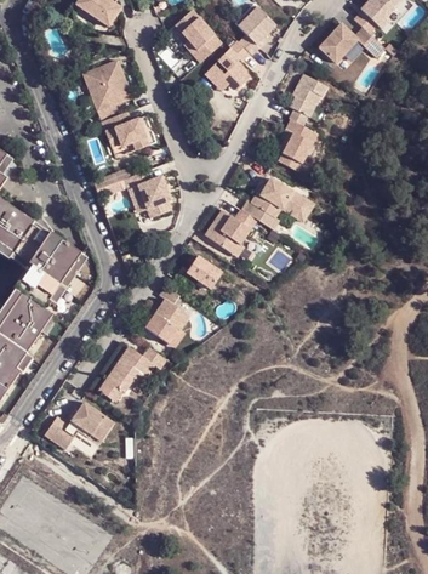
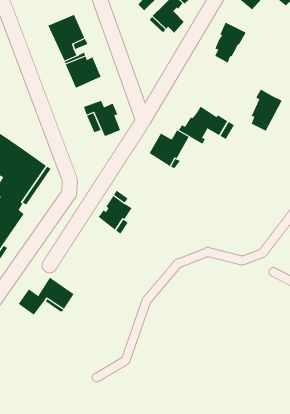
building: [279,118,319,171] -> [251,89,283,131]
building: [176,254,223,286] -> none
building: [99,340,165,394] -> none

